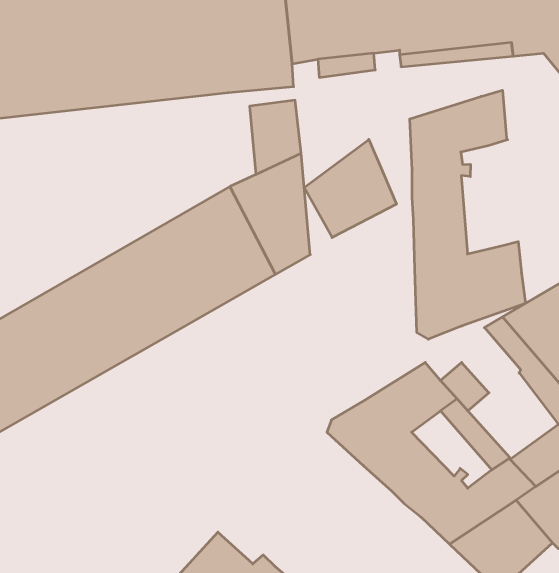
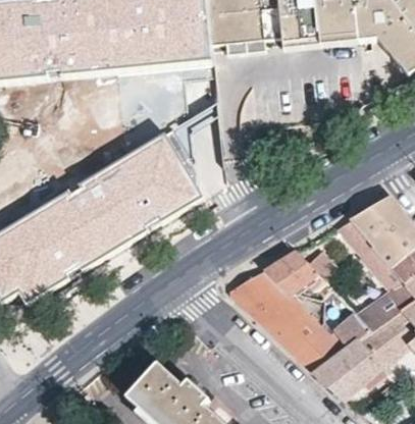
building: [410,90,525,339] -> none
building: [304,139,396,238] -> none

